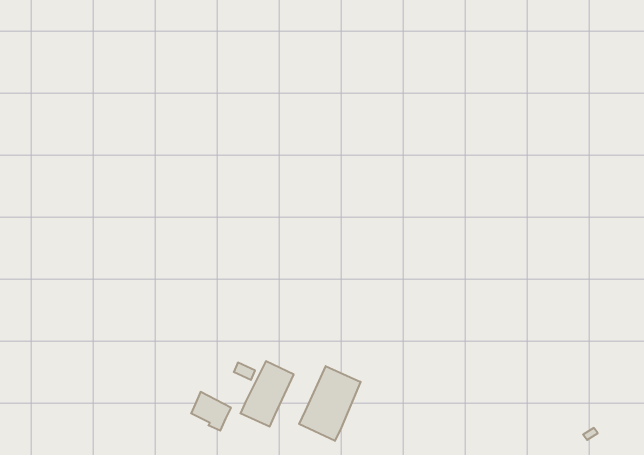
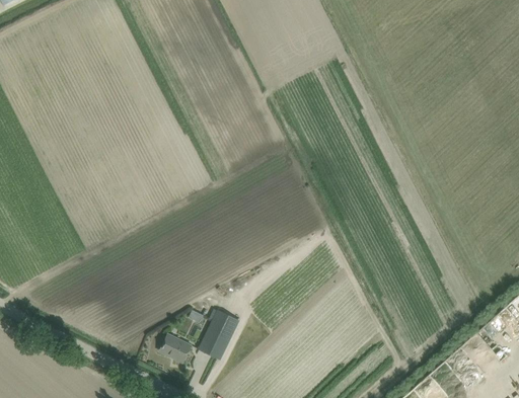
building: [299,366,361,441] -> none

